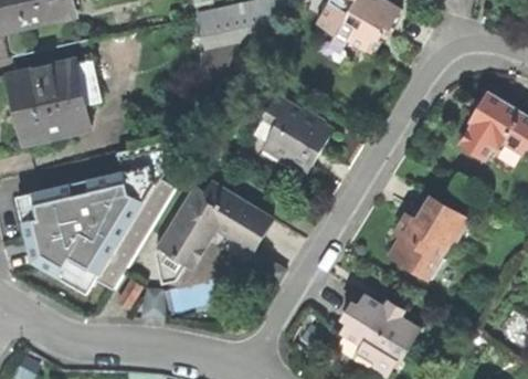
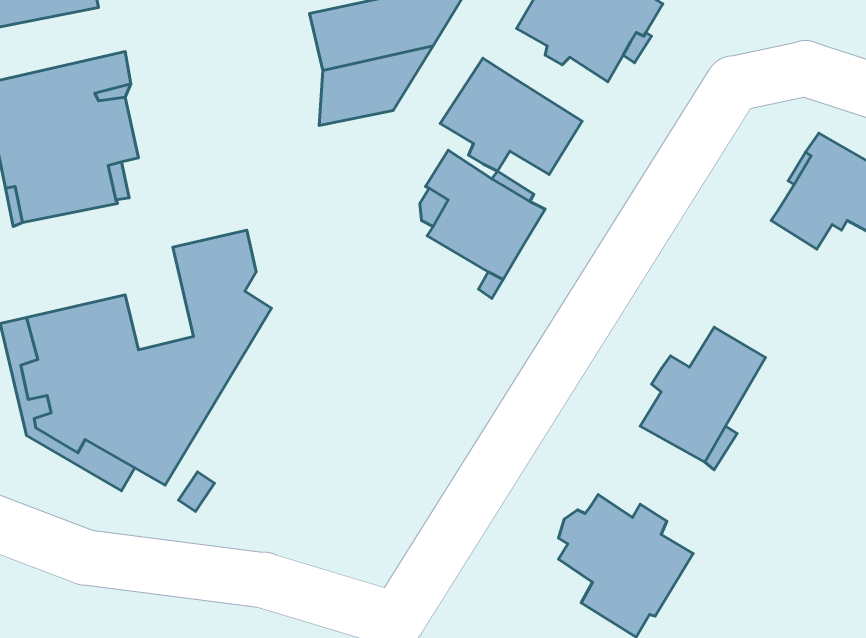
building: none -> [440,58,582,174]
building: [87,173,127,211] -> none
building: [151,181,270,284] -> none

